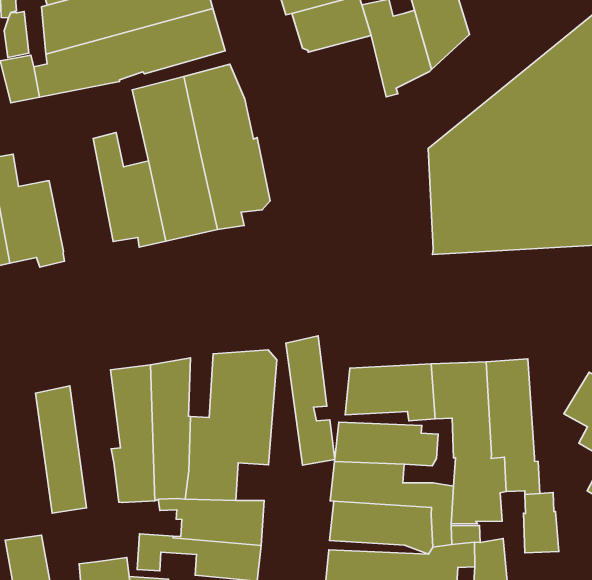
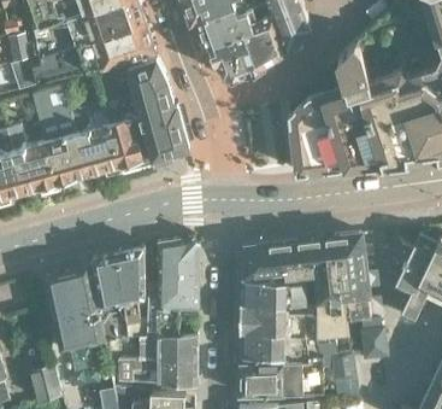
building: none -> [206,34,258,81]
building: none -> [31,86,89,185]
building: [286,336,335,465] -> [67,264,104,347]

